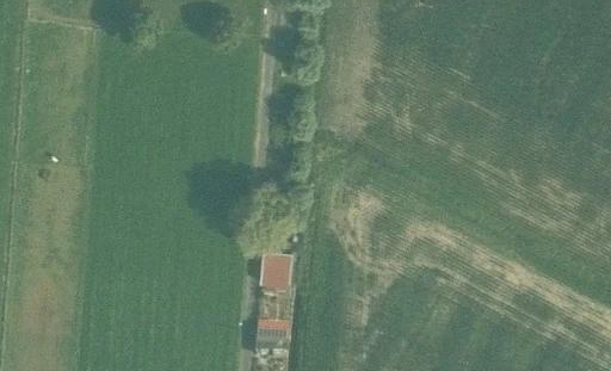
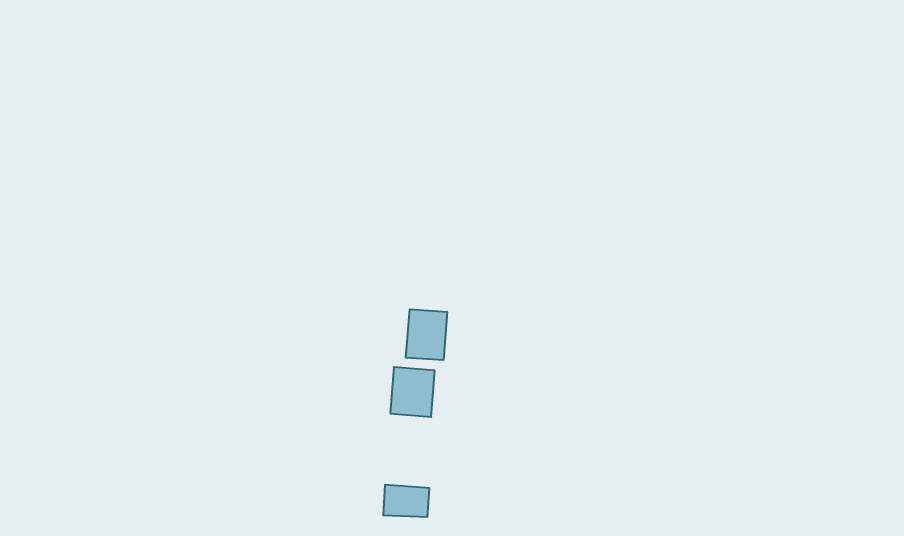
building: none -> [406,309,447,360]

